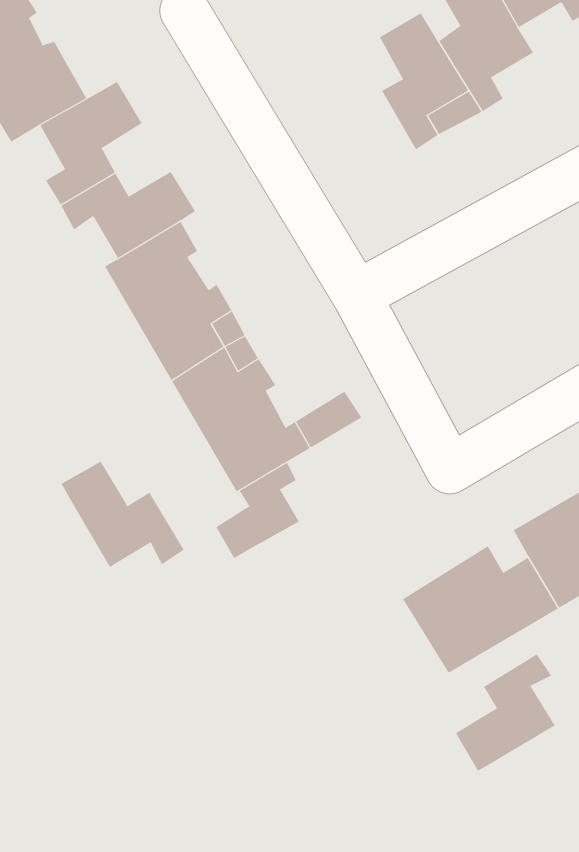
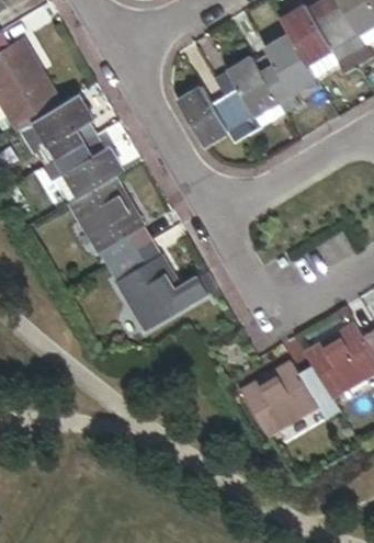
building: none -> [178,84,249,144]
building: [61,461,185,568] -> none
building: [215,462,300,559] -> none
building: [455,653,555,772] -> none

